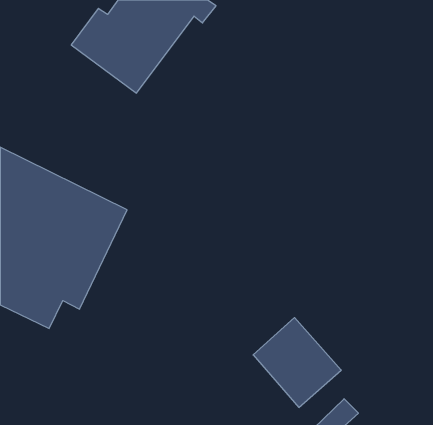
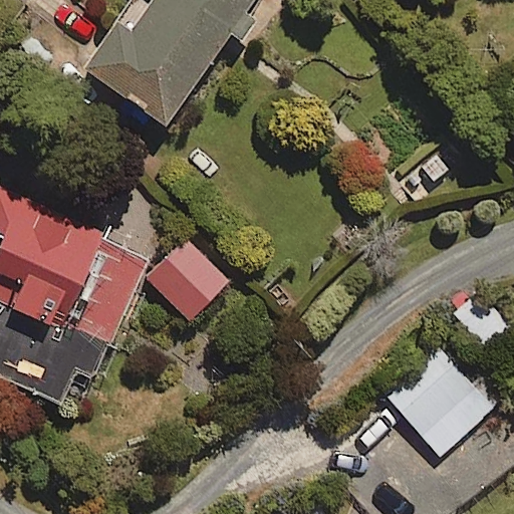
building: none -> [147,238,231,322]
building: [253,318,341,407] -> [383,352,488,459]

